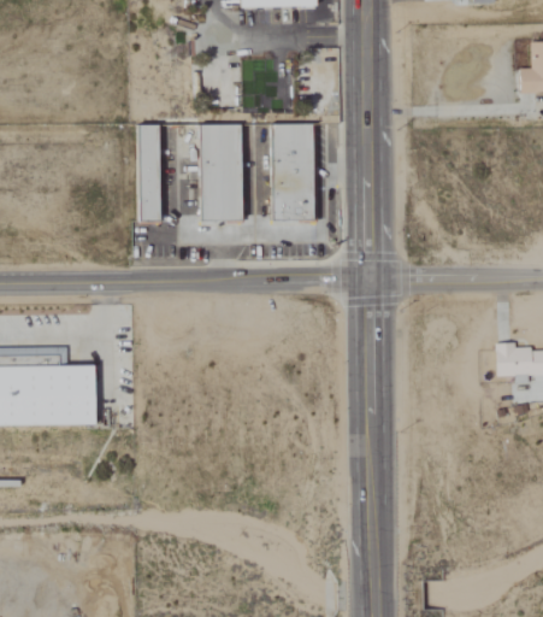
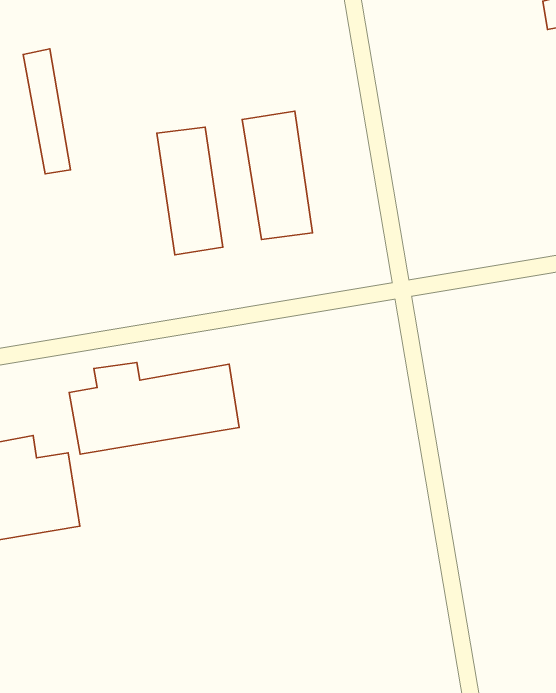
building: [138,124,161,222] -> [23,49,71,174]
building: none -> [69,362,239,454]

